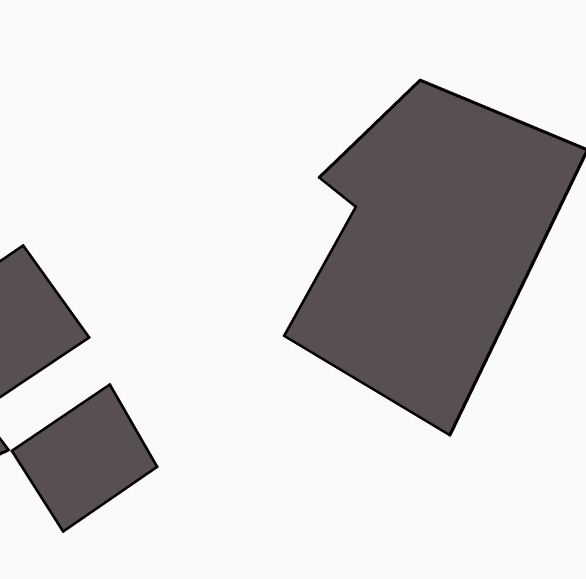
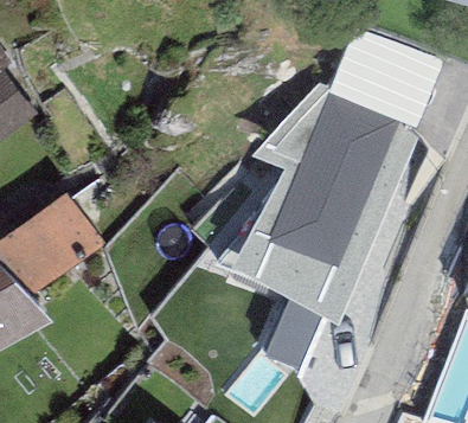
building: [12,384,157,532] -> none

